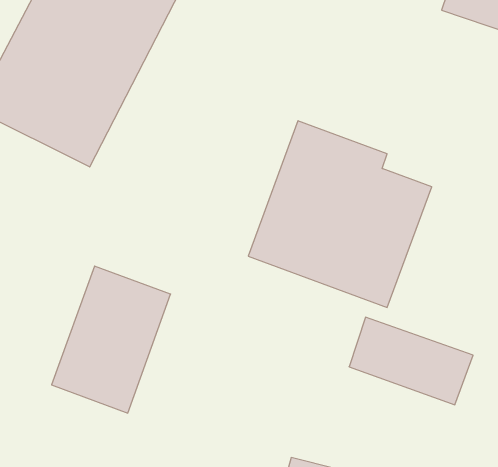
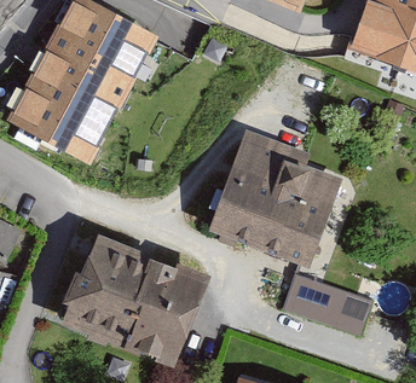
building: none -> [119,256,206,362]

